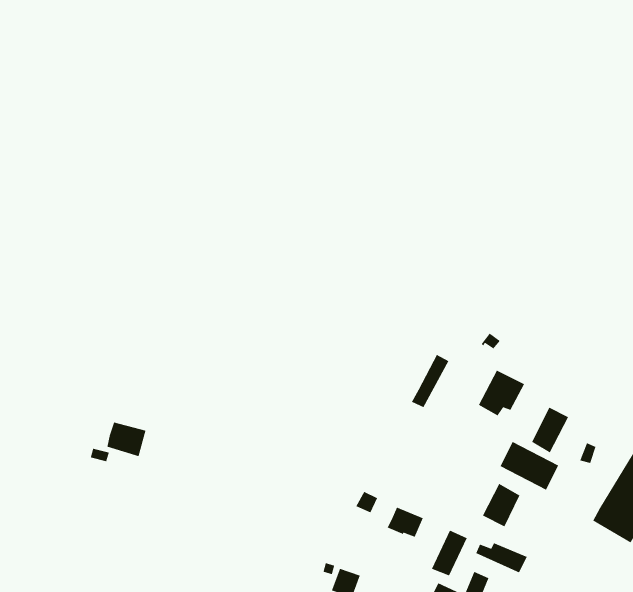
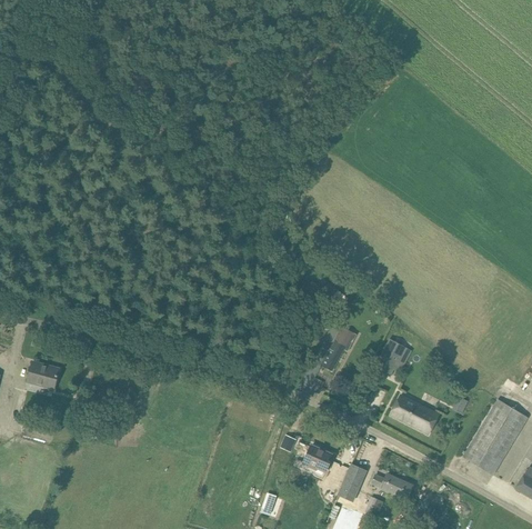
building: [531,407,569,453] -> none
building: [106,422,146,457] -> [28,362,59,390]
building: [482,483,521,528] -> none

